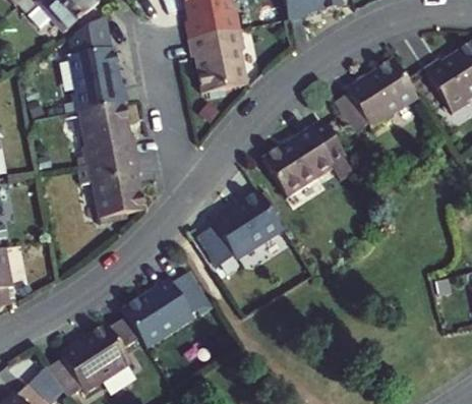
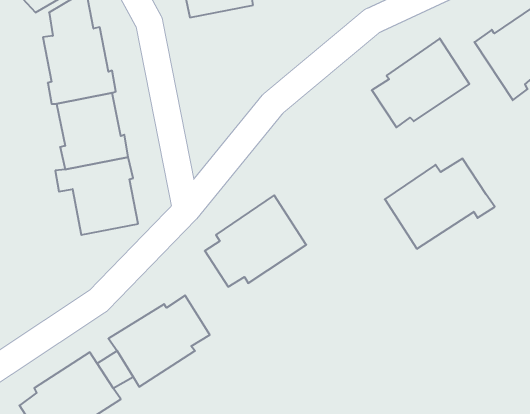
building: [189,33,248,96] -> none
building: [265,126,356,200] -> [385,159,495,249]

